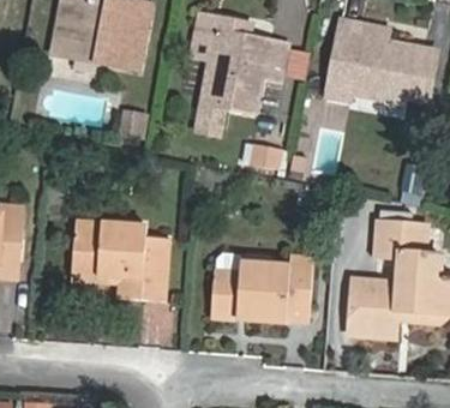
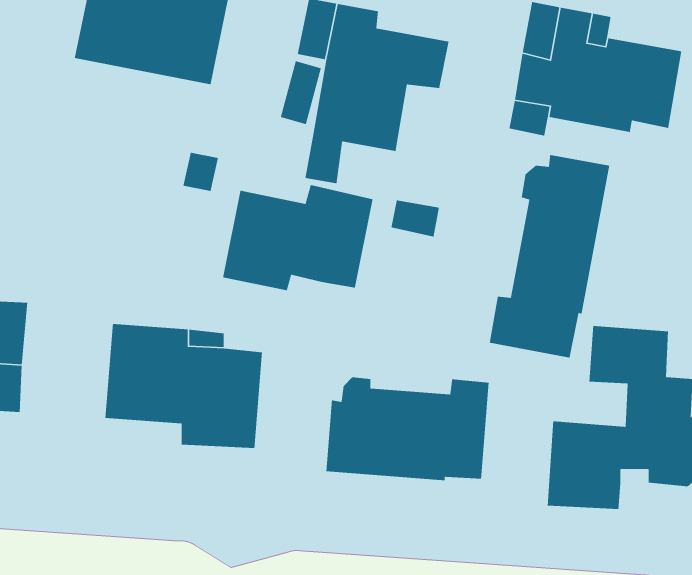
building: none -> [489,154,610,358]
building: none -> [222,184,373,291]

